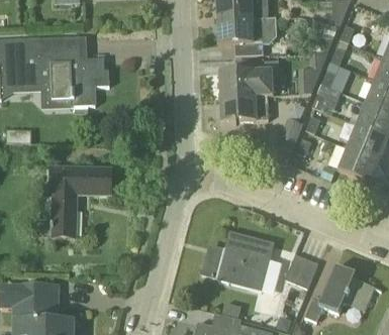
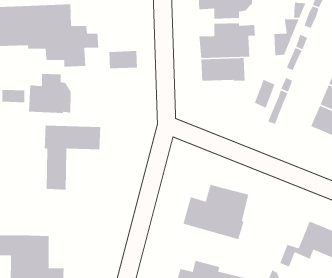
building: none -> [108,50,138,69]
building: none -> [28,73,72,114]
building: [285,252,319,288] -> none

